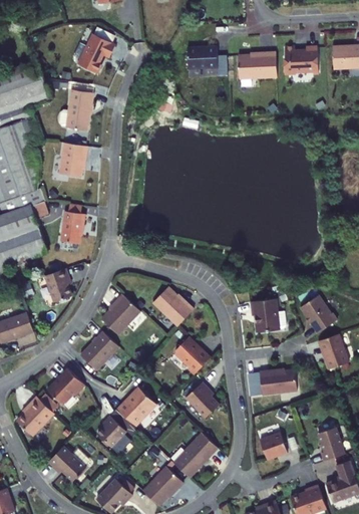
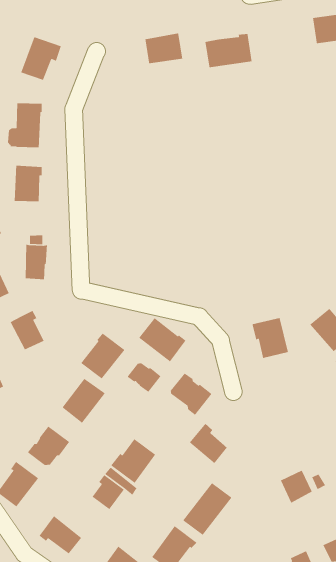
building: [284,46,318,74] -> none
building: none -> [126,363,161,393]
building: [260,369,297,395] -> none

